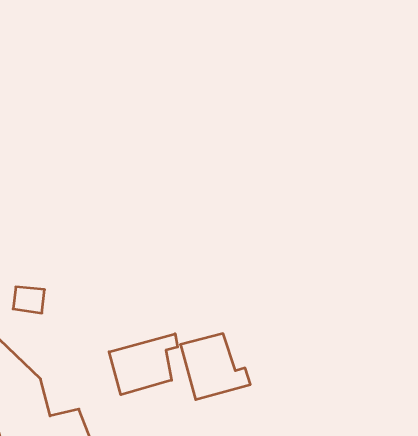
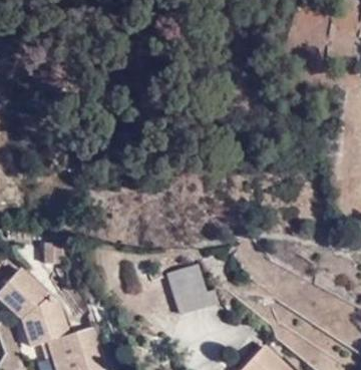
building: [109,334,178,395] -> none

